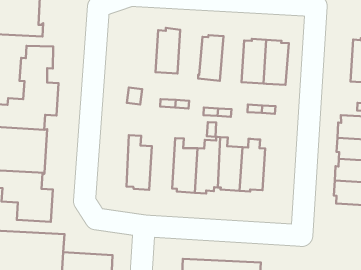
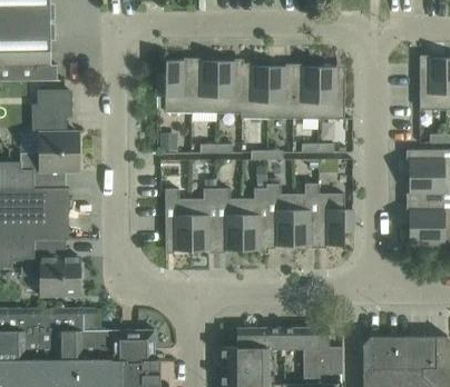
building: none -> [157,60,192,112]
building: none -> [217,61,244,112]
building: none -> [267,66,293,118]
building: none -> [193,188,219,250]
building: none -> [325,194,353,245]

